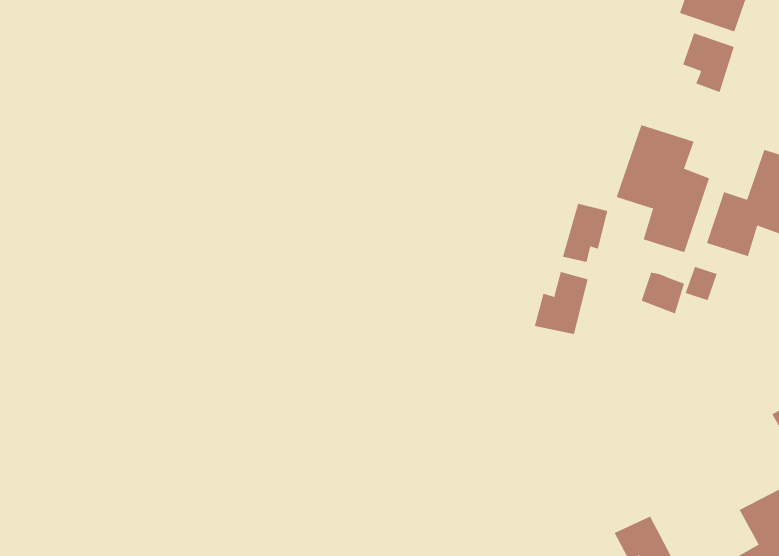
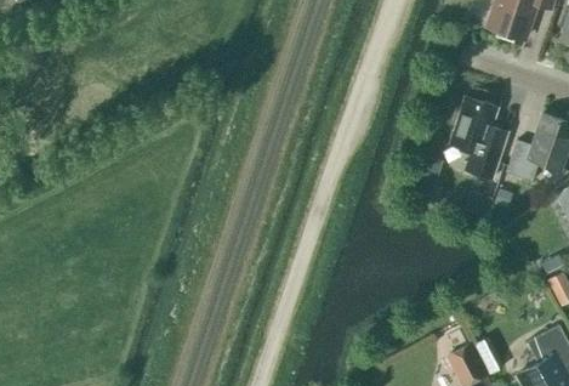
building: [683,33,734,93] -> none
building: [534,271,588,335] -> none

